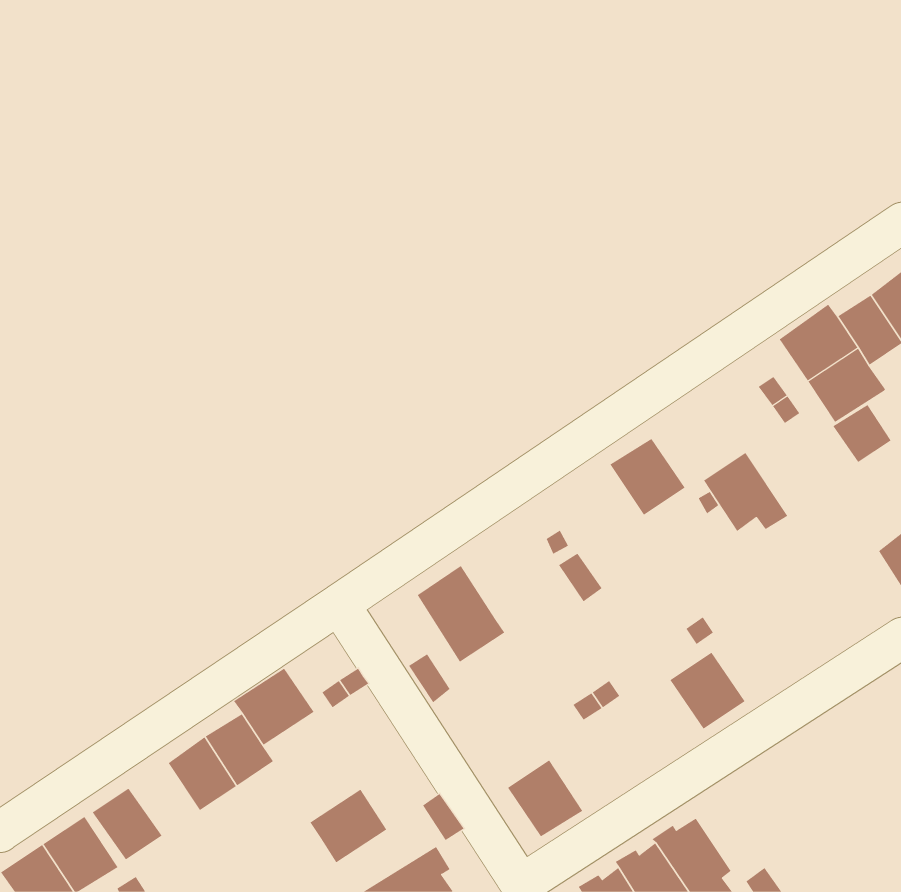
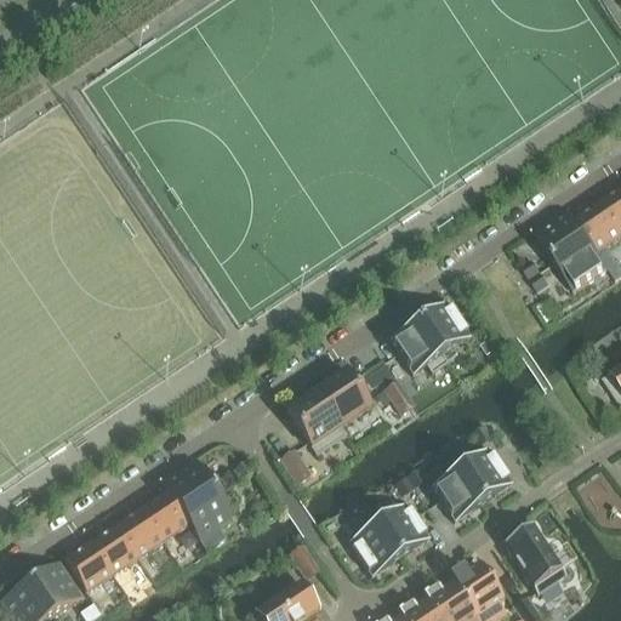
building: [833,404,892,463] -> none
building: [703,452,788,532] -> [391,319,449,374]
building: none -> [318,369,371,426]
building: none -> [432,467,484,520]
building: none -> [378,502,431,557]
building: none -> [90,524,138,574]
building: none -> [505,524,568,594]
building: [309,789,387,863] -> [182,489,235,540]

